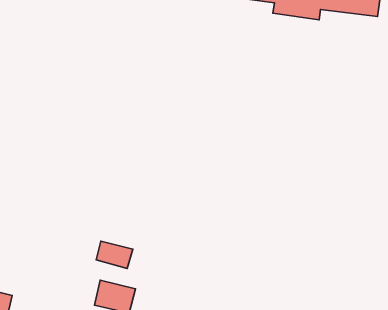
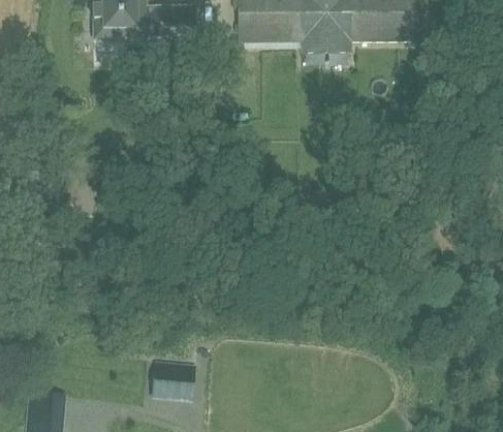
building: [96,241,133,268] -> none

